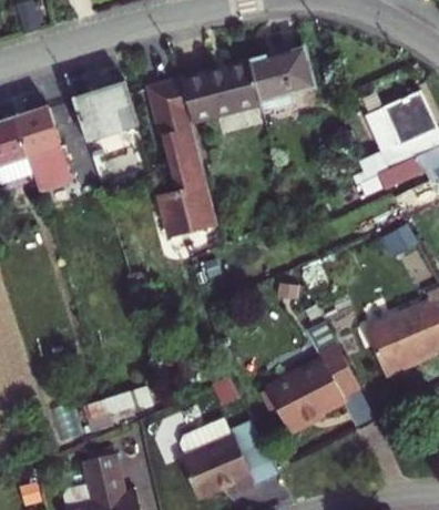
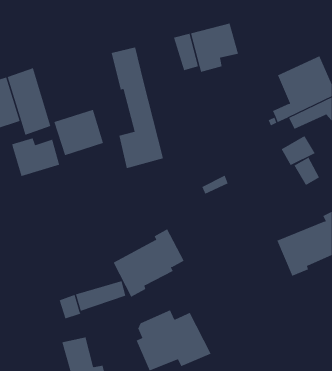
building: [180,65,242,122] -> none
building: [73,83,139,144] -> [53,109,104,156]
building: none -> [281,135,316,166]
building: none -> [11,137,60,177]
building: [264,347,357,437] -> [113,229,184,298]

